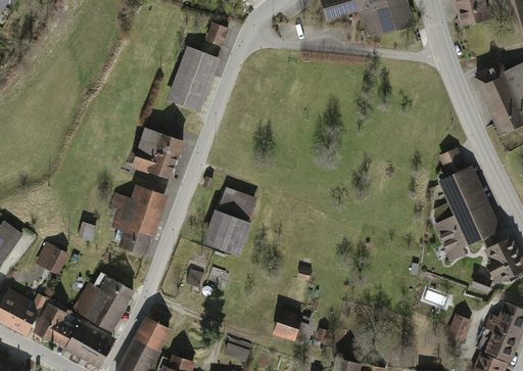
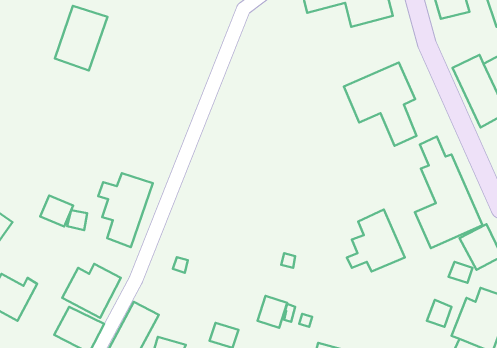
building: [204,20,229,47] -> none
building: [165,46,220,112] -> [55,6,108,71]
building: none -> [344,62,417,146]
building: [131,128,183,181] -> none
building: [205,185,258,254] -> none
building: none -> [347,210,405,272]
building: [36,242,69,274] -> [40,195,73,226]
building: [34,304,77,347] -> none

